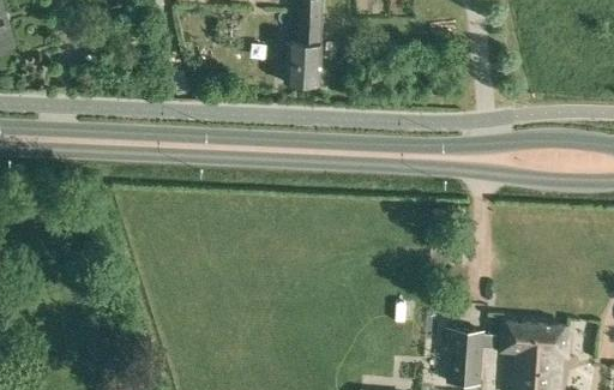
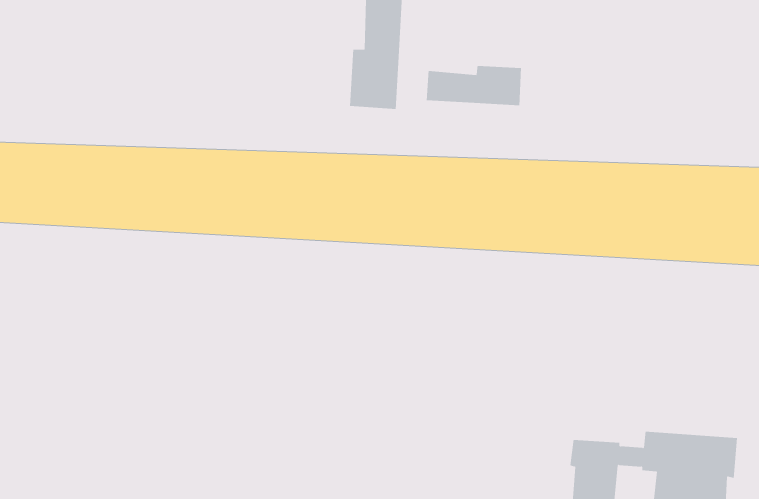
building: none -> [426,65,521,106]

